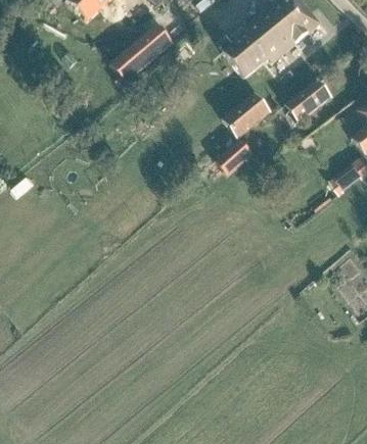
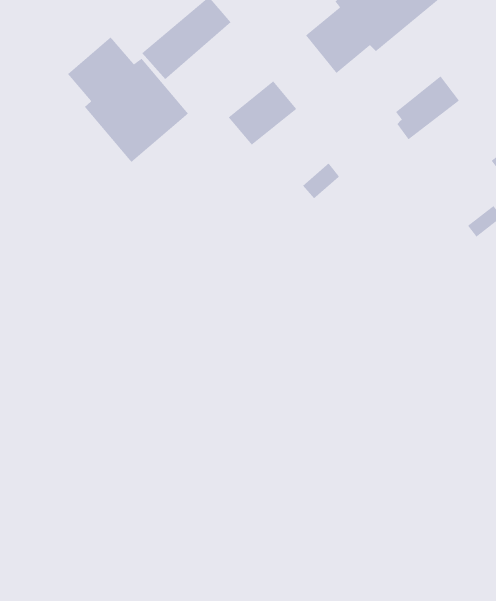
building: none -> [67,36,189,163]
building: [223,92,271,137] -> [228,81,297,146]

